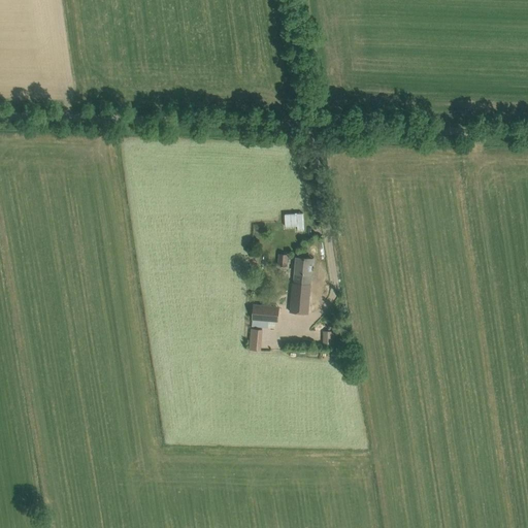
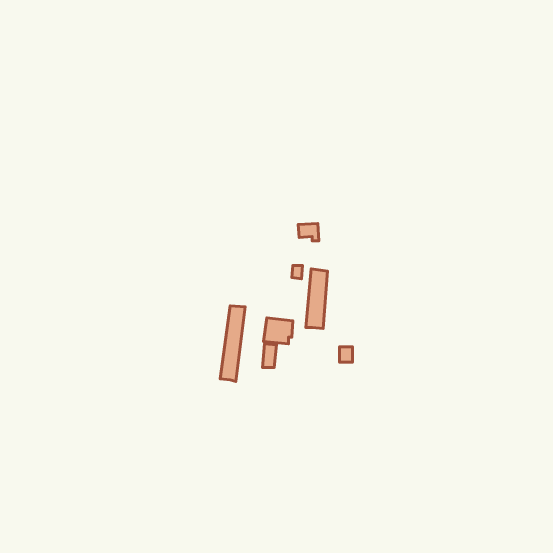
building: none -> [220,306,245,381]

